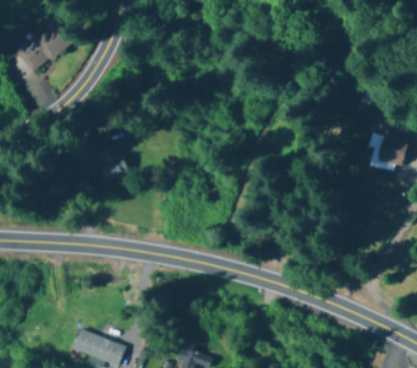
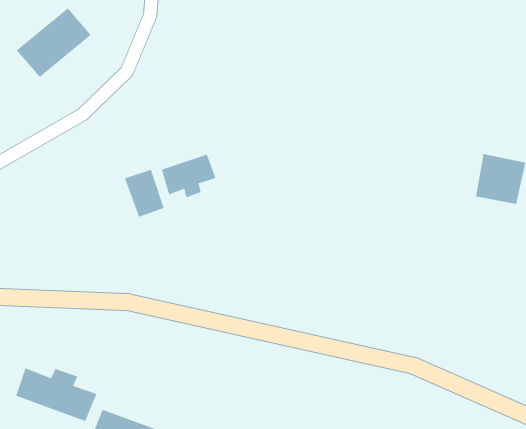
building: none -> [161,154,216,198]
building: none -> [16,368,97,422]

